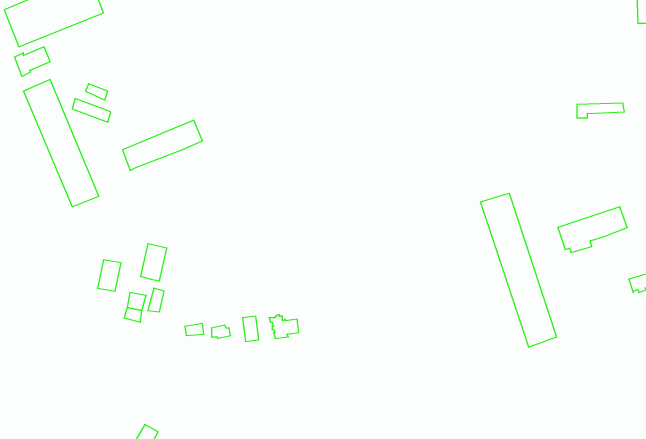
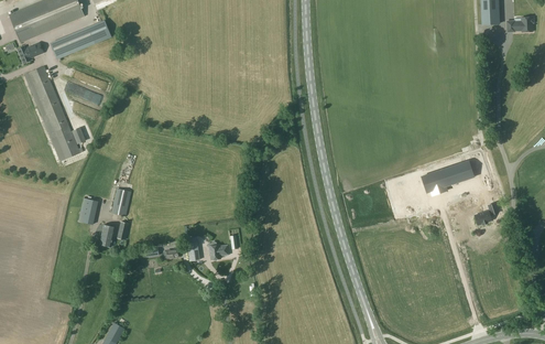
building: [123,120,203,170] -> [52,21,111,58]
building: [480,193,557,347] -> none

